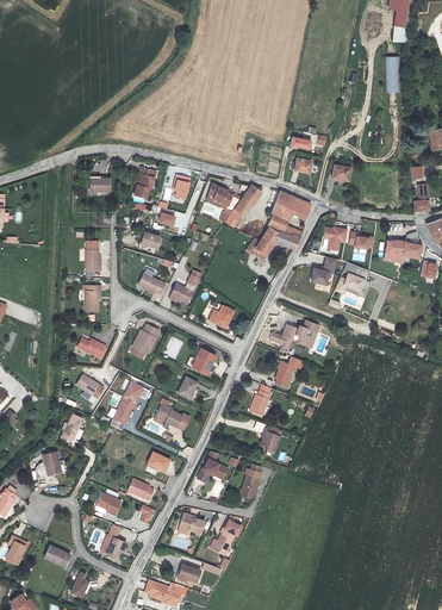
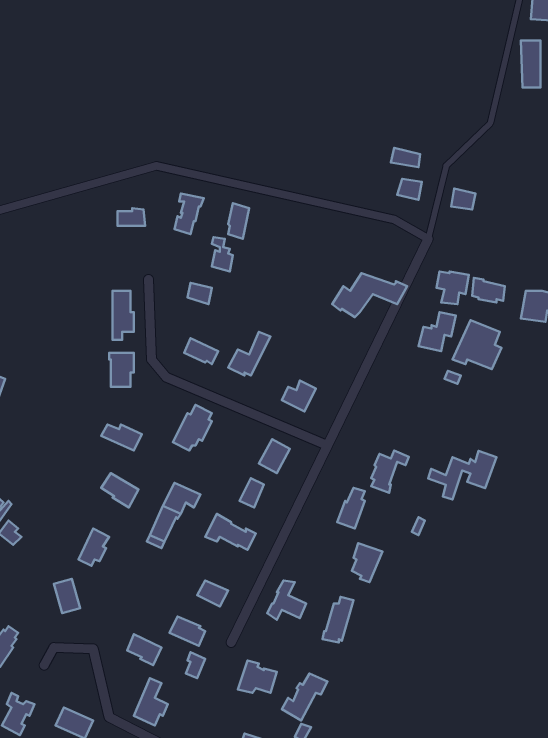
building: [206,183,263,228] -> none
building: [269,191,311,237] -> none
building: [269,319,319,355] -> [428,451,496,500]

